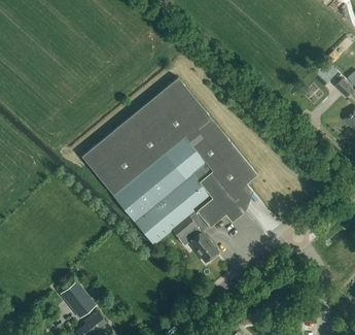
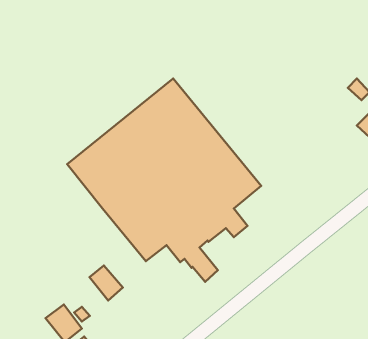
building: none -> [89,265,123,300]

